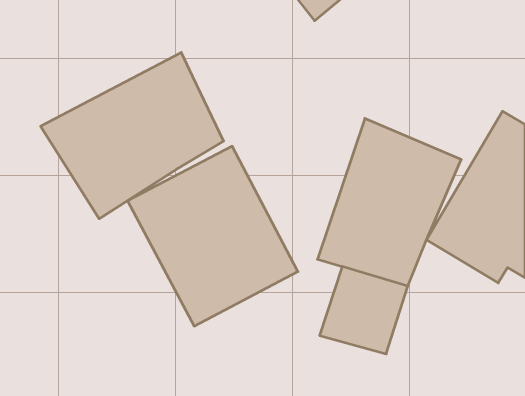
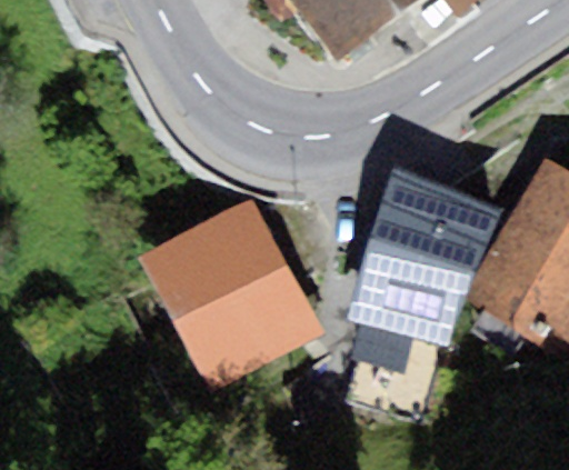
building: [41,52,224,219] -> none

